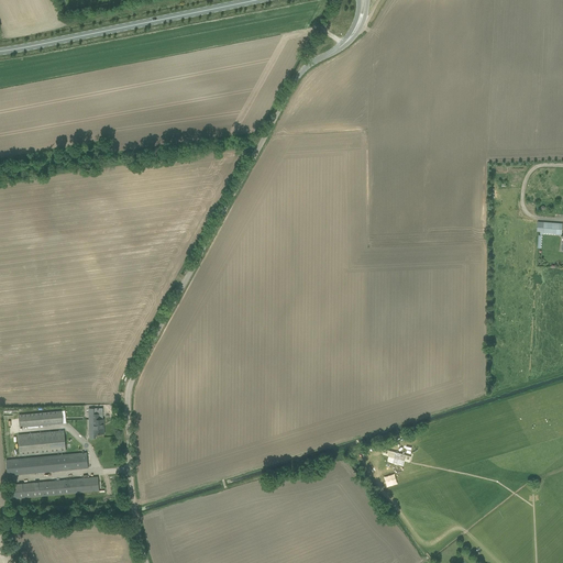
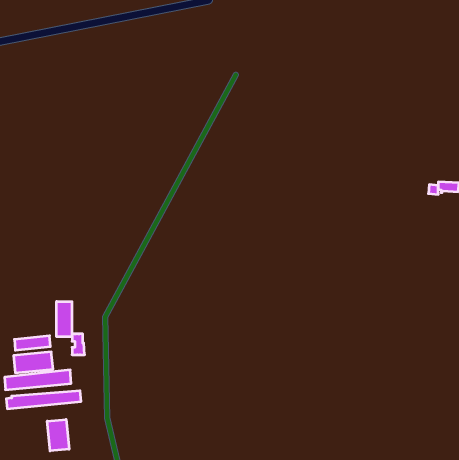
building: none -> [57,301,72,337]
building: none -> [47,419,69,451]

